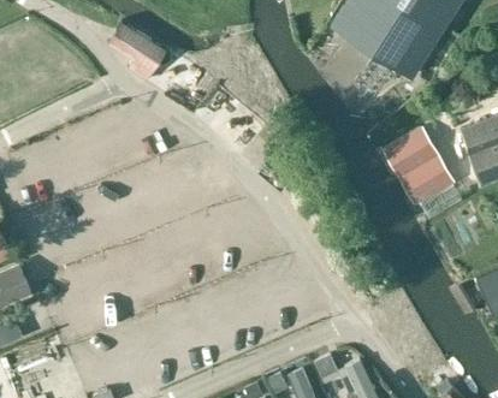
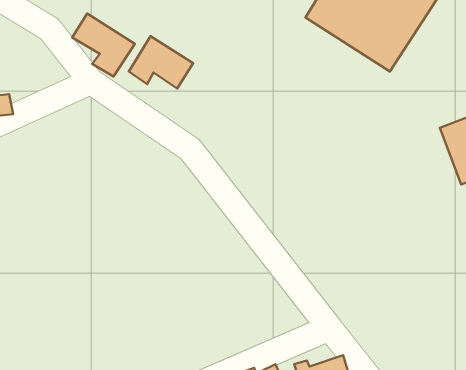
building: none -> [129,36,193,89]
building: [381,129,453,207] -> none

